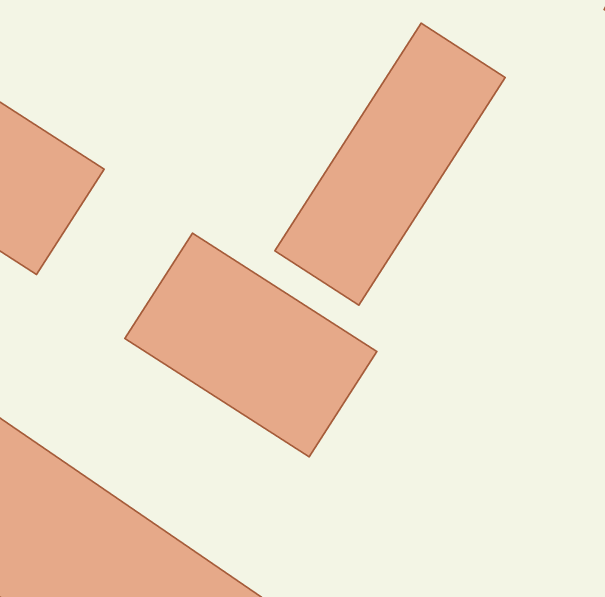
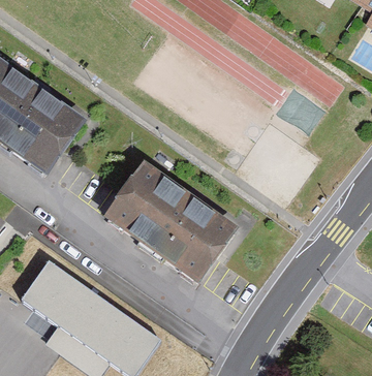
building: [275,23,505,305] -> none

